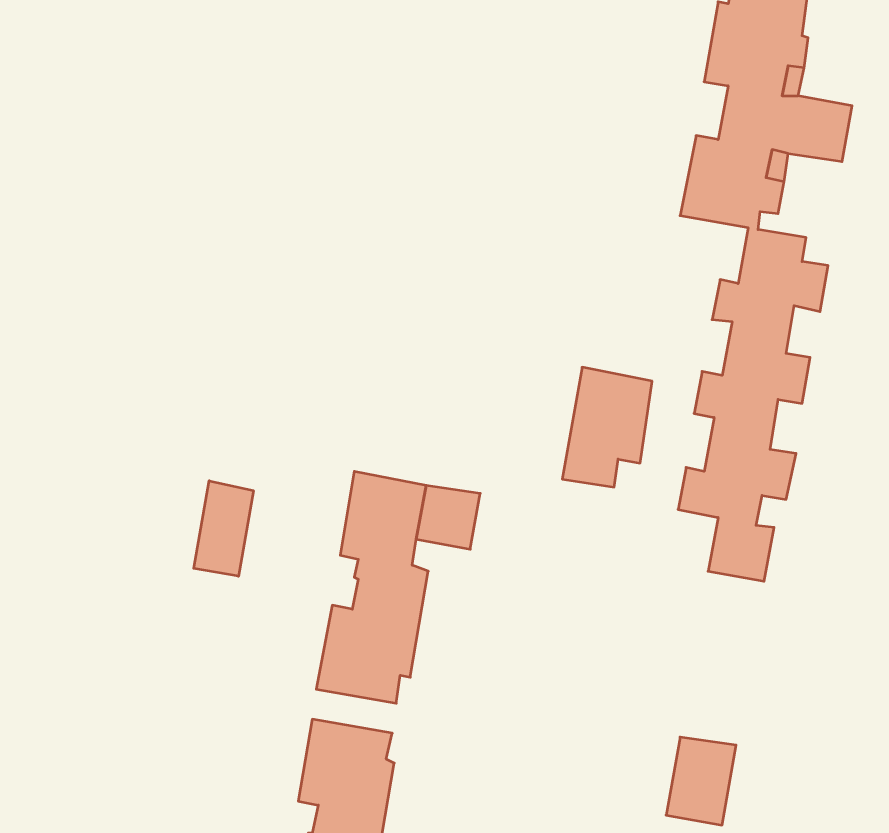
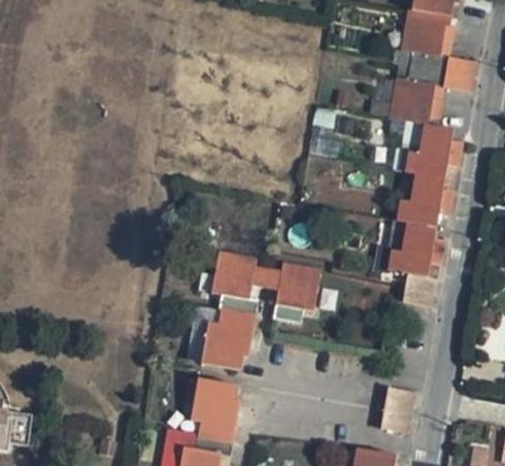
building: [562,367,652,487] -> [274,262,321,324]
building: [194,481,253,576] -> none

